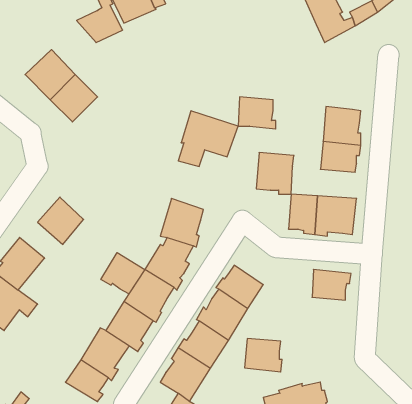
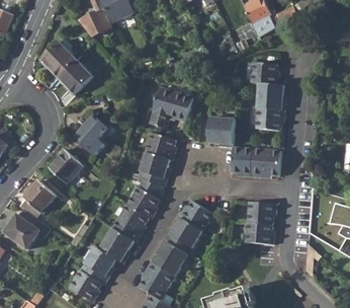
building: [238,97,276,129] -> [250,62,277,85]
building: none -> [74,117,103,156]
building: none -> [146,131,175,158]
building: [101,253,145,294] -> none
building: [245,339,282,372] -> [246,222,273,246]

